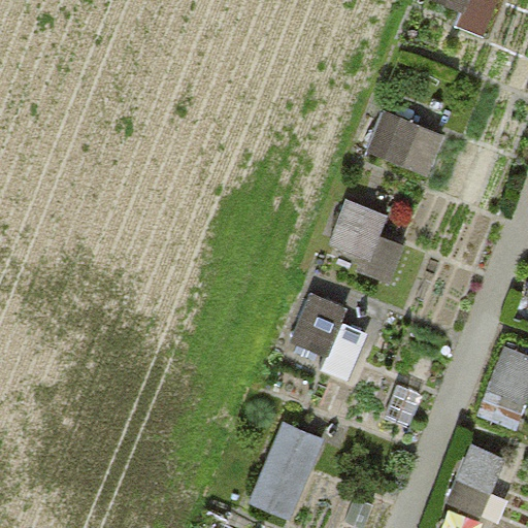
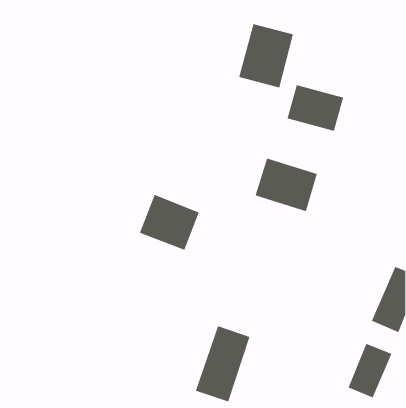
building: none -> [238,23,294,89]
building: [290,298,368,371] -> [139,194,200,251]

